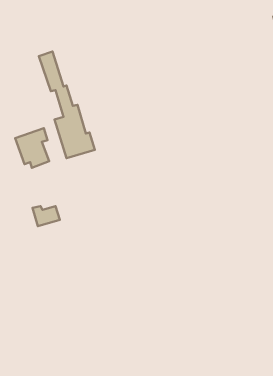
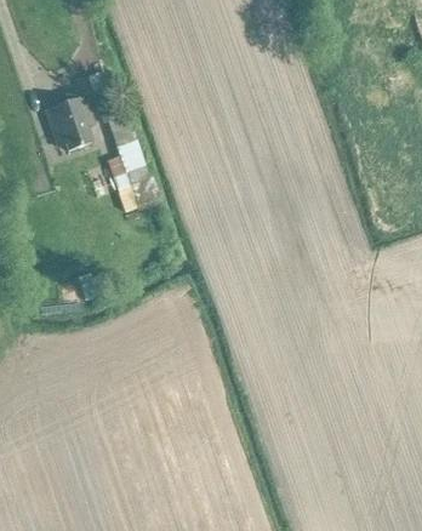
building: [15,128,49,168] -> [47,97,92,149]

